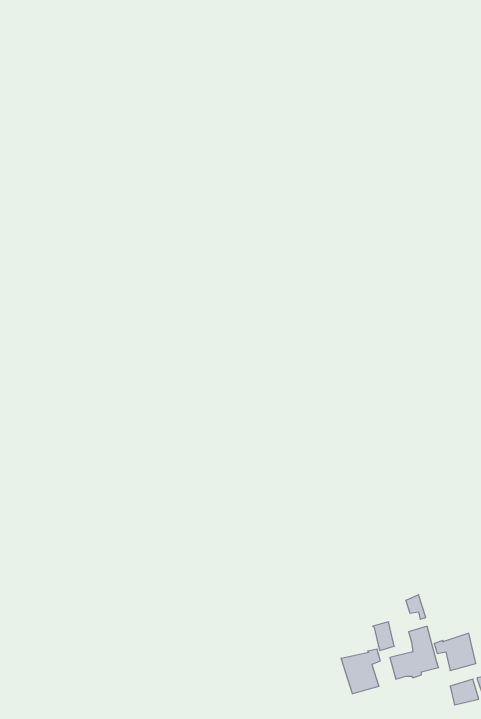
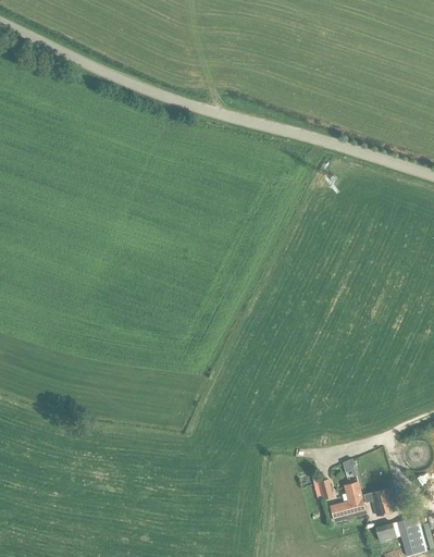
building: [341,649,380,694] -> none

